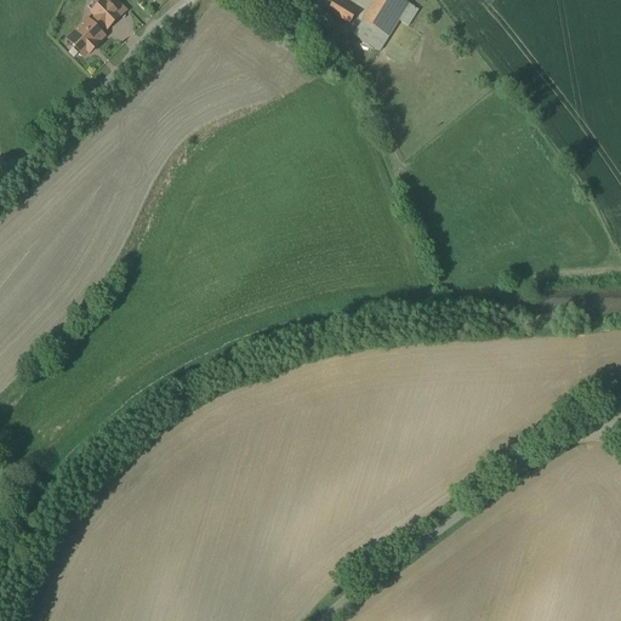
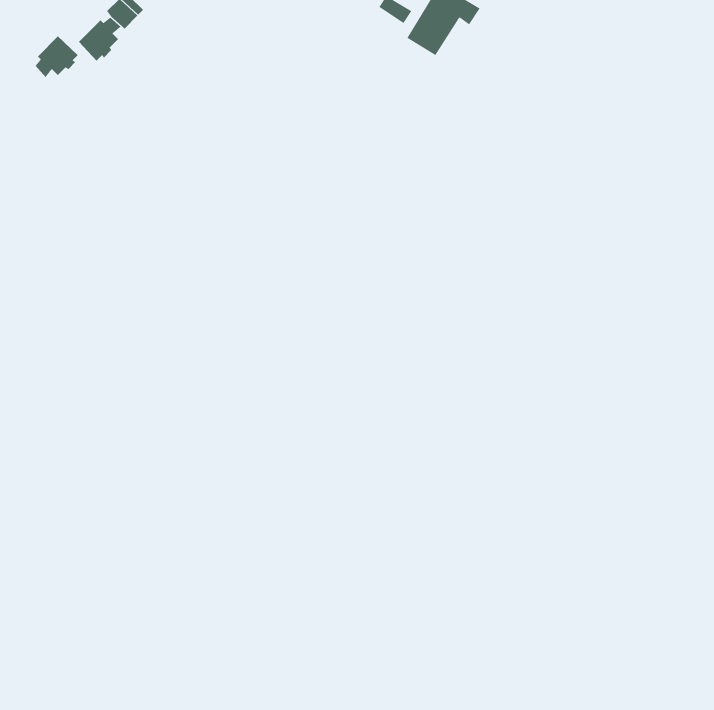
building: none -> [35,36,79,78]

